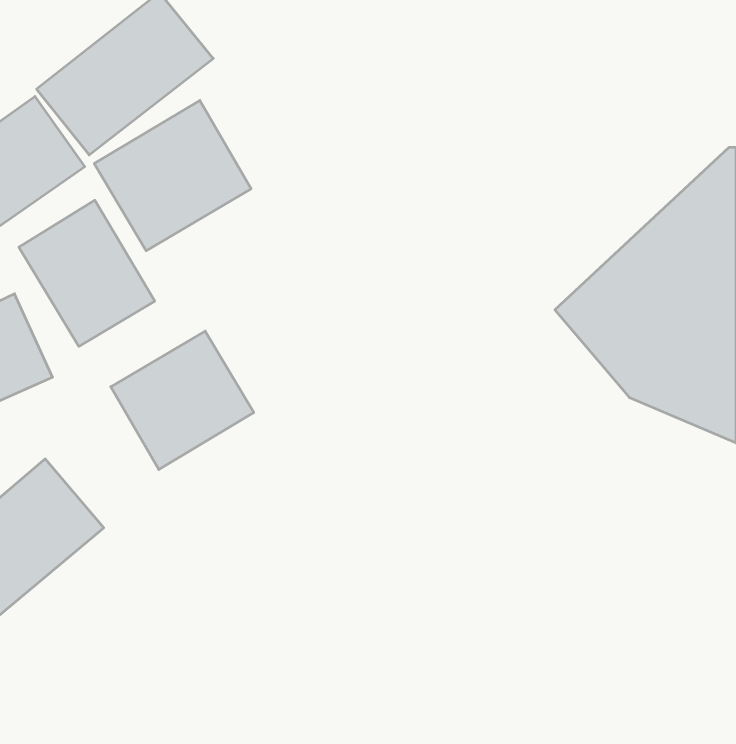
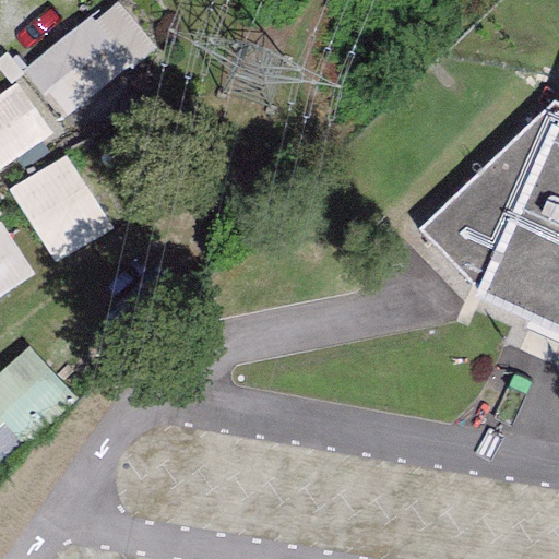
building: [94,100,251,251] -> none
building: [111,331,254,470] -> none

